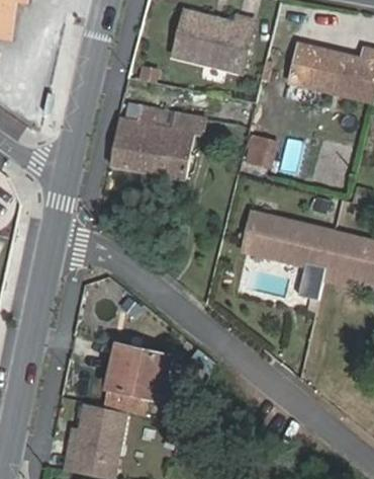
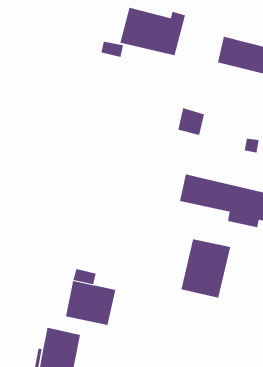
building: [110,105,205,177] -> none
building: none -> [181,238,231,298]

